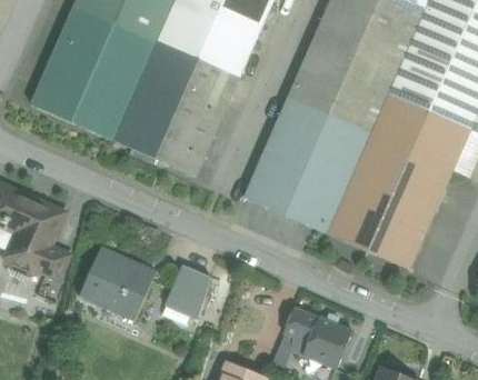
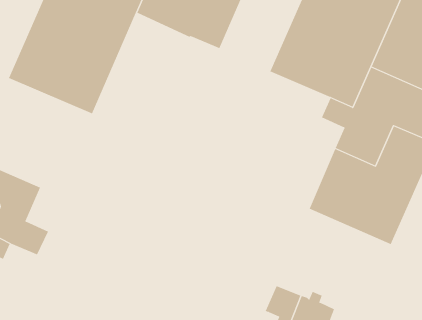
building: [113,39,239,174] -> none
building: [243,97,361,232] -> none
building: [79,248,157,321] -> none
building: [166,264,210,319] -> none

